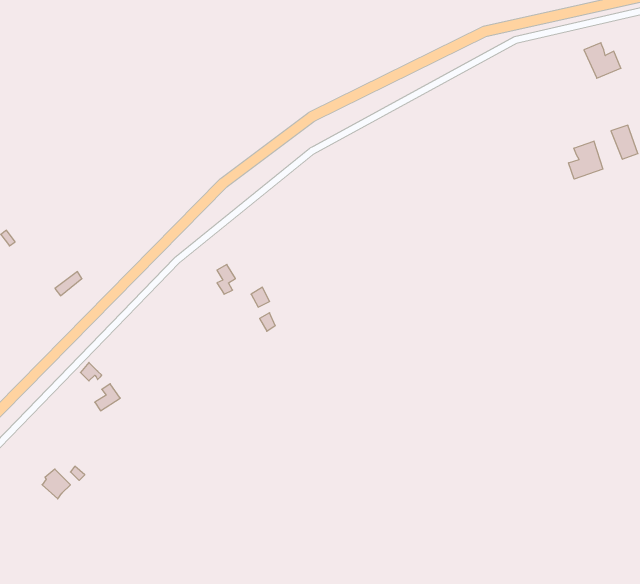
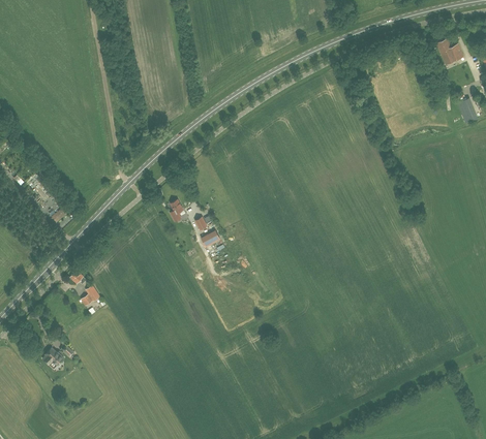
building: [569,141,603,179] -> none

